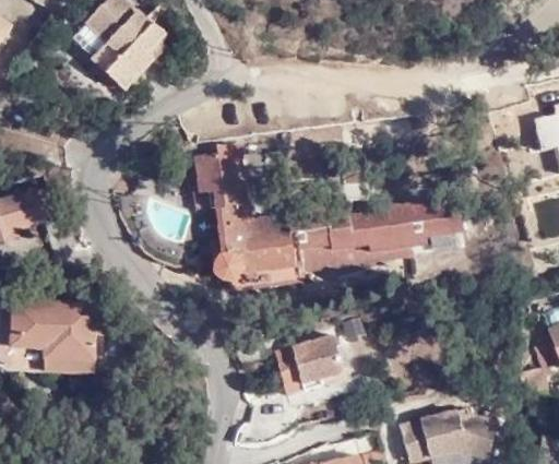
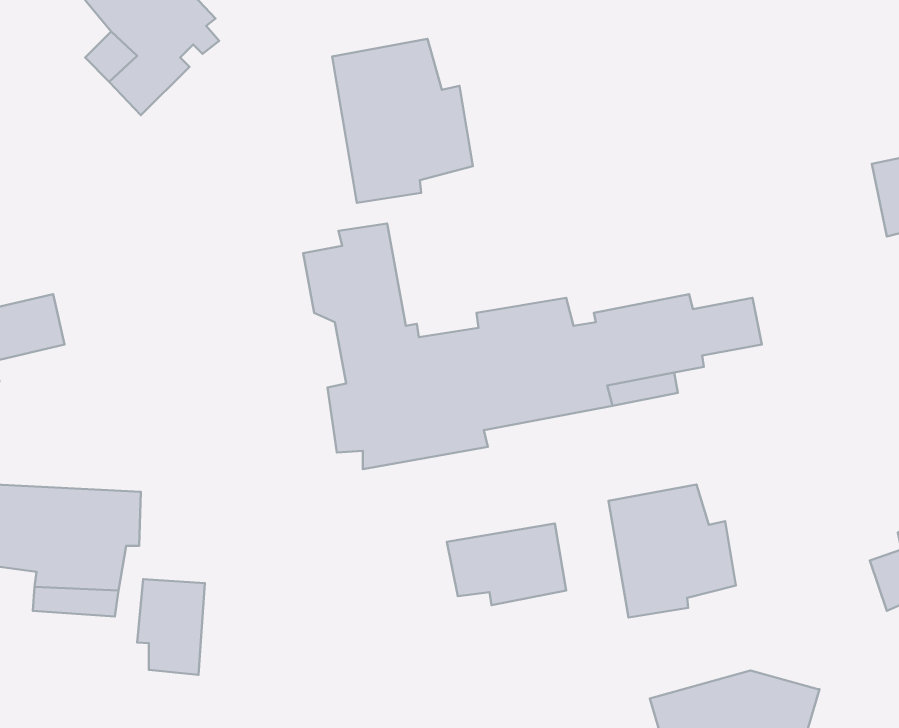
building: none -> [332,39,473,203]
building: none -> [608,484,736,618]
building: none -> [137,579,205,675]

